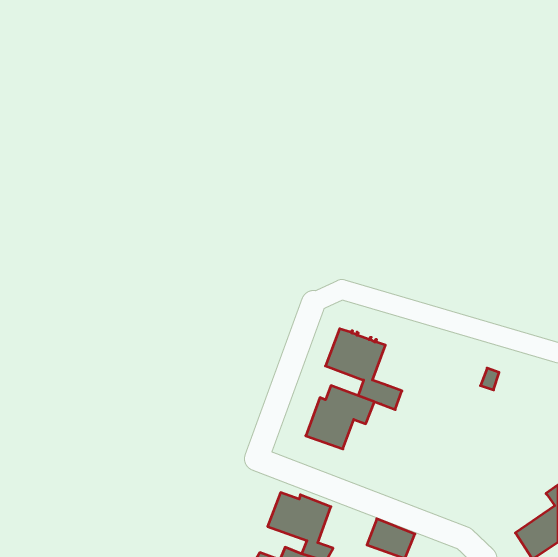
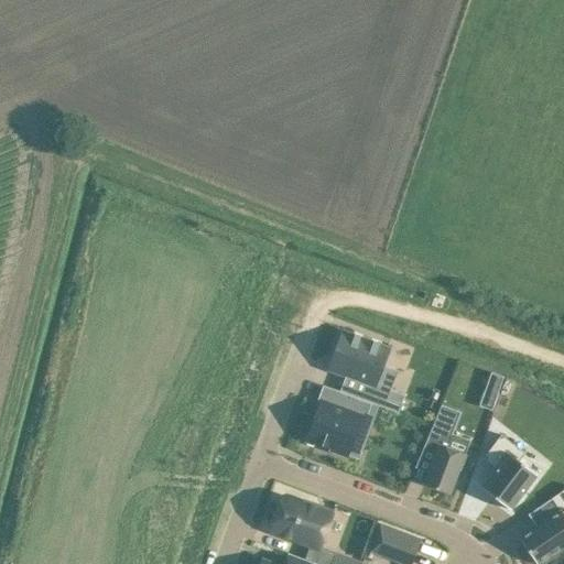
building: none -> [423,405,466,495]
building: none -> [481,435,536,510]

